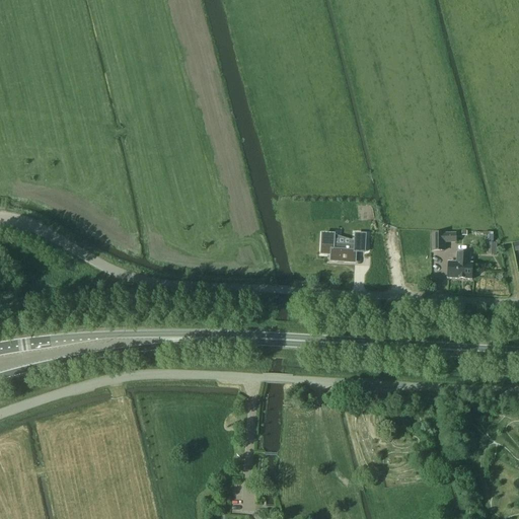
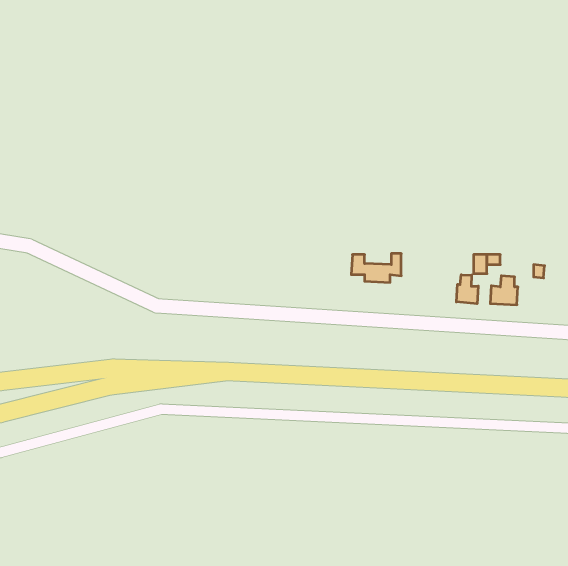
building: none -> [456,275,478,304]

